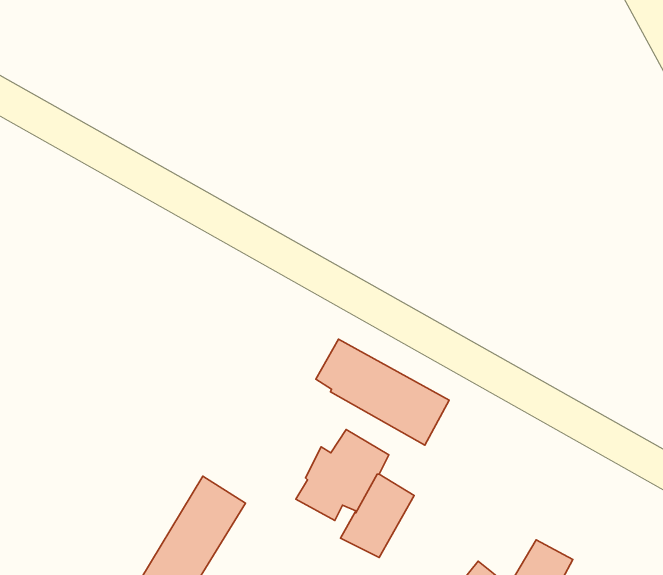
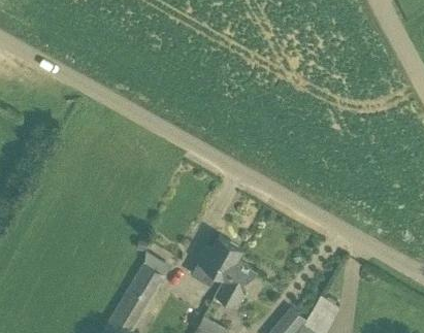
building: [316,339,449,445] -> none

